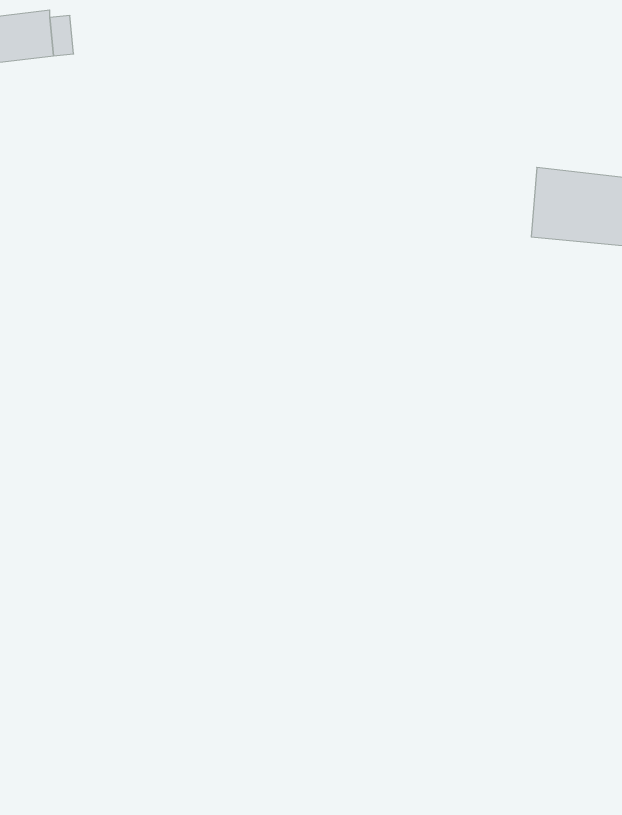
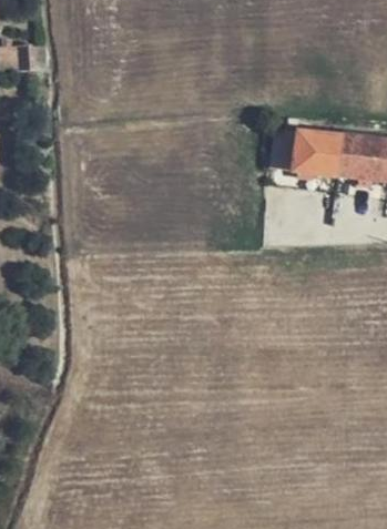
building: none -> [293,130,328,175]

